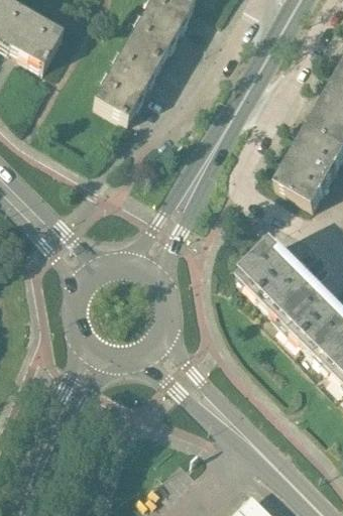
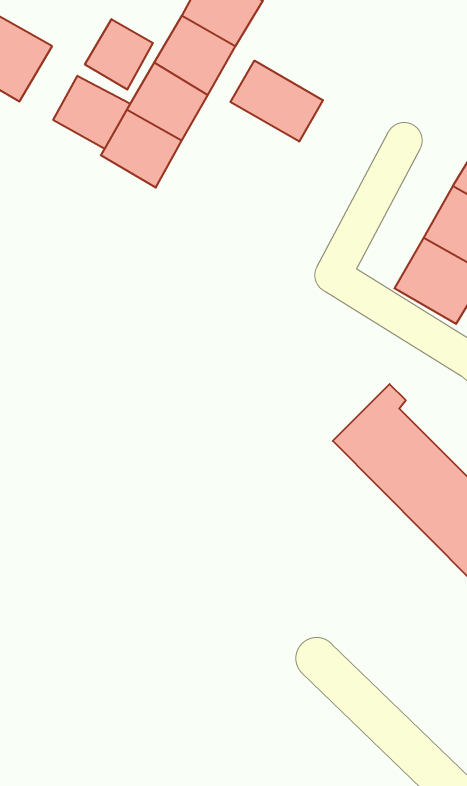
building: none -> [85,19,153,90]
building: none -> [230,61,323,142]
building: none -> [53,76,130,149]

